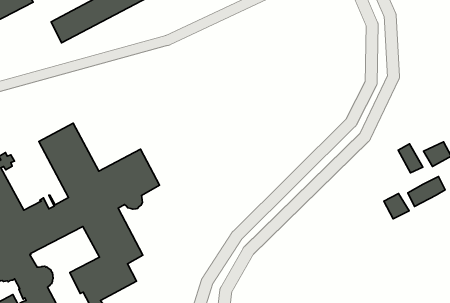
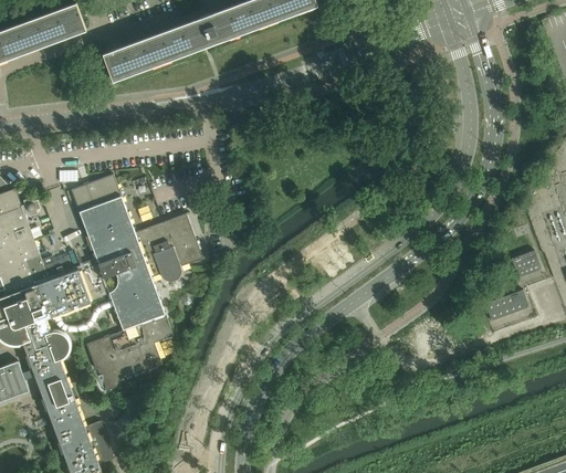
building: [398,144,423,173] -> none
building: [384,193,409,219] -> none

